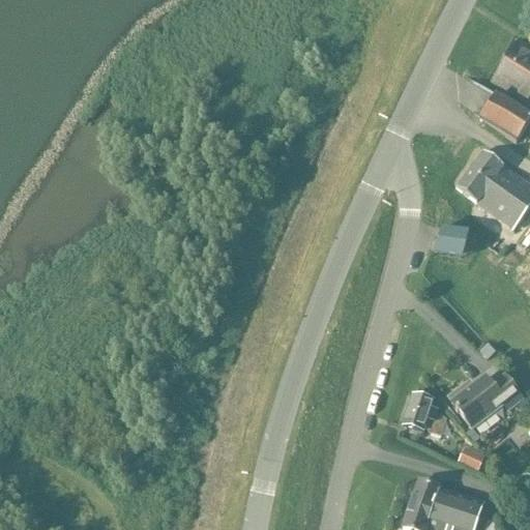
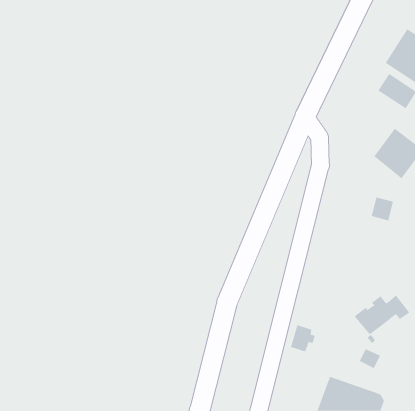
building: [458,148,503,199] -> none
building: [439,225,468,256] -> [371,197,394,221]
building: [405,392,437,428] -> [290,324,316,352]

